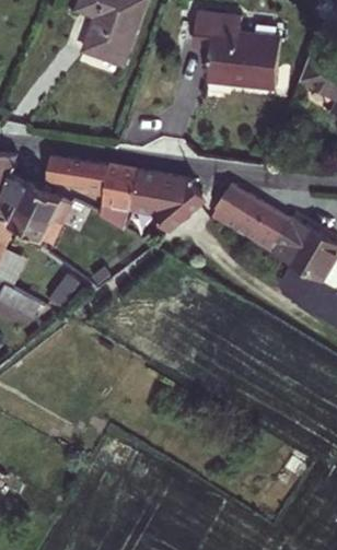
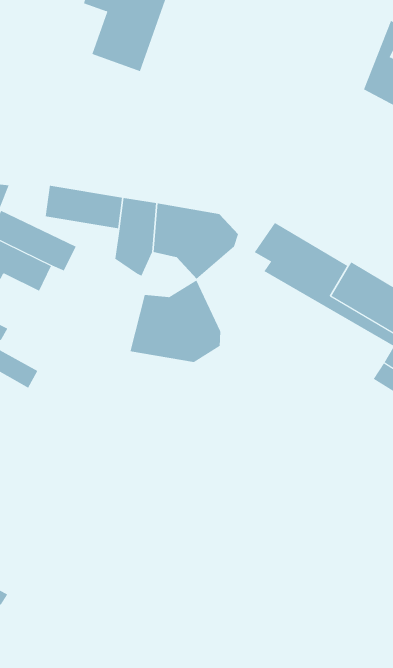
building: [193,12,280,87] -> none
building: none -> [130,279,221,363]

